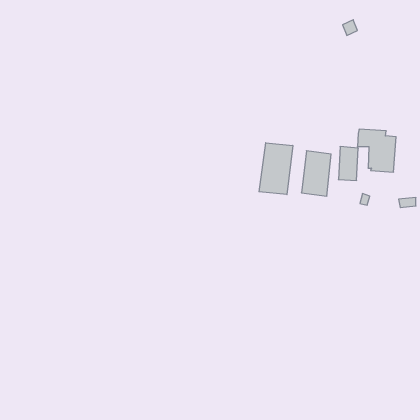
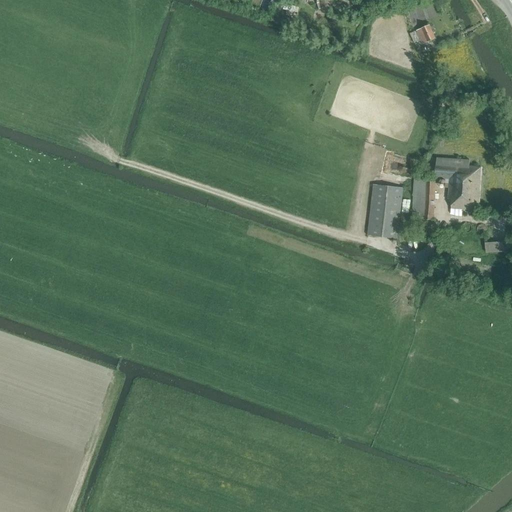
building: [259,143,293,195] -> none

